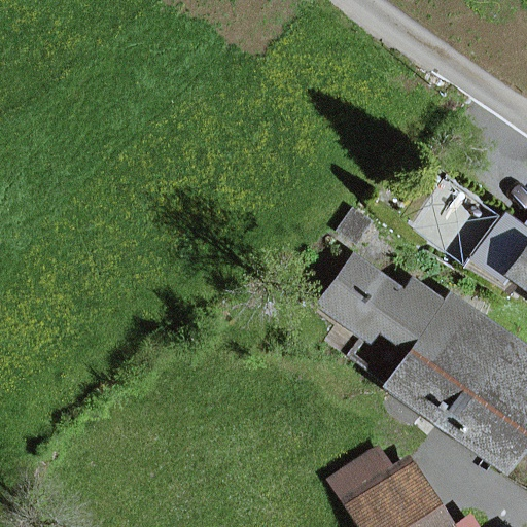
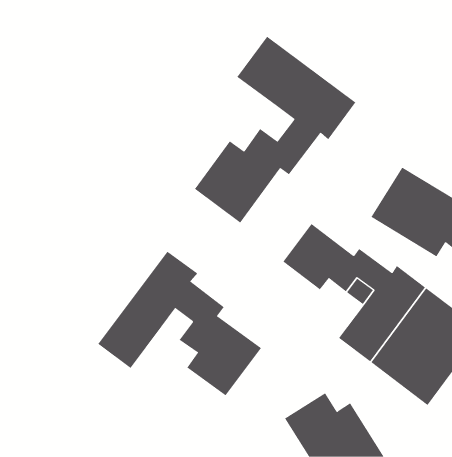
building: none -> [194,36,356,224]
building: none -> [97,251,262,396]

